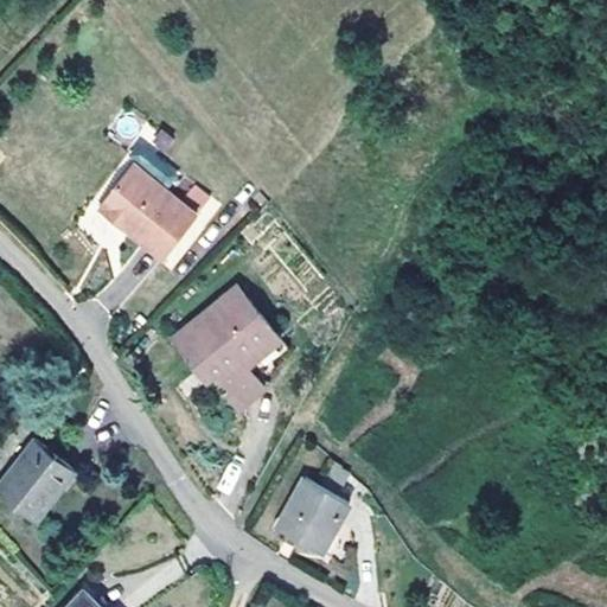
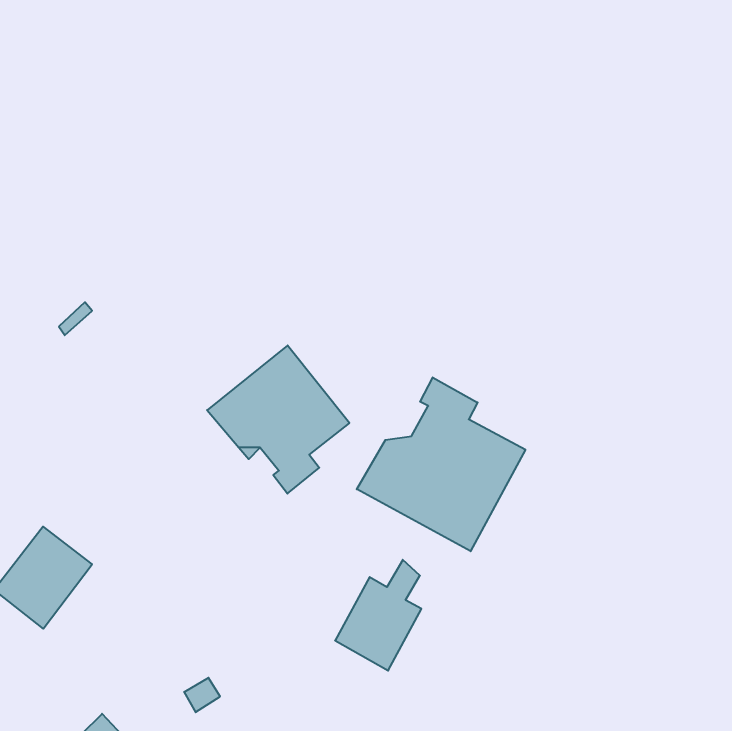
building: [96,164,194,260] -> none
building: none -> [357,377,525,551]

